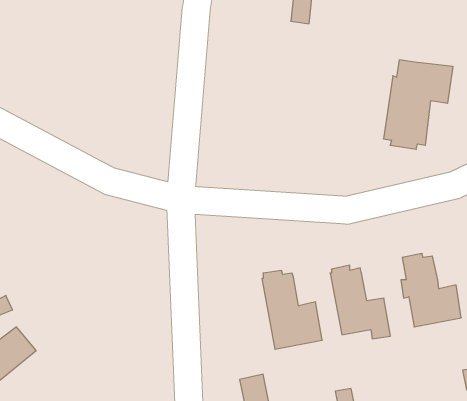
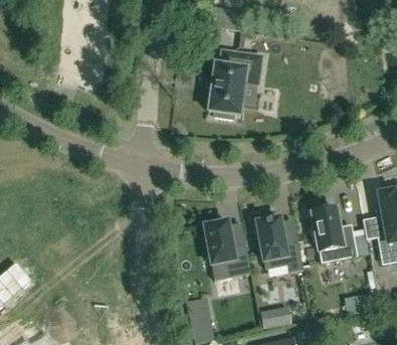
building: [383,60,453,149] -> [208,50,261,119]

